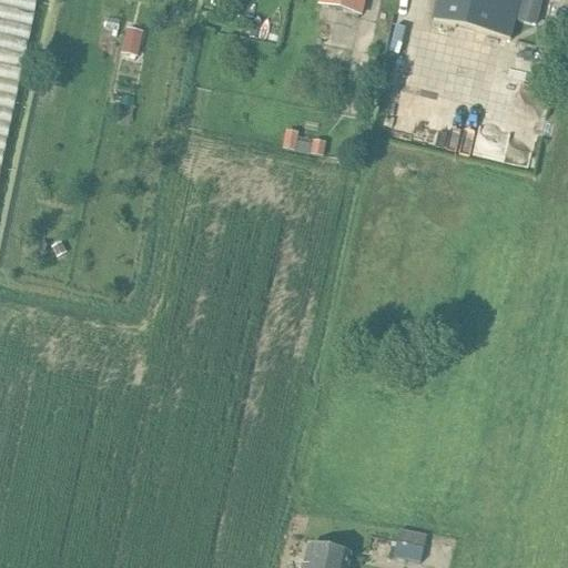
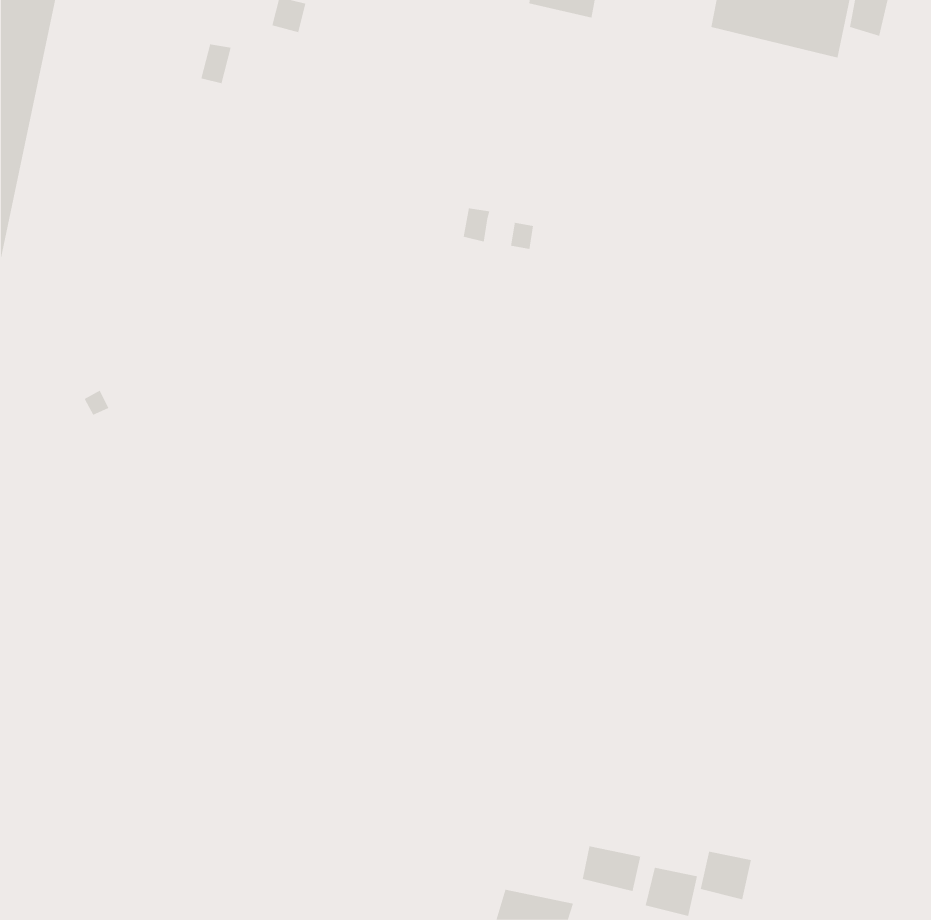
building: none -> [582,845,641,892]
building: none -> [700,851,752,900]

